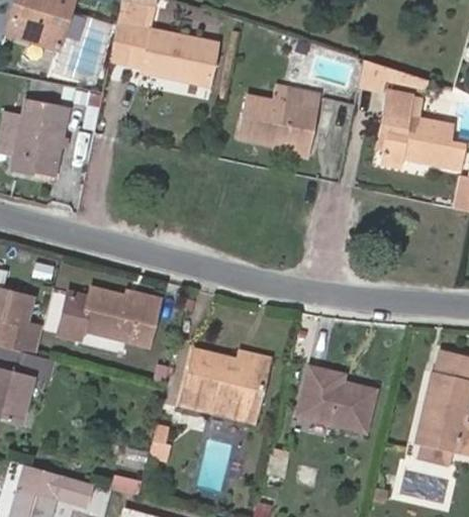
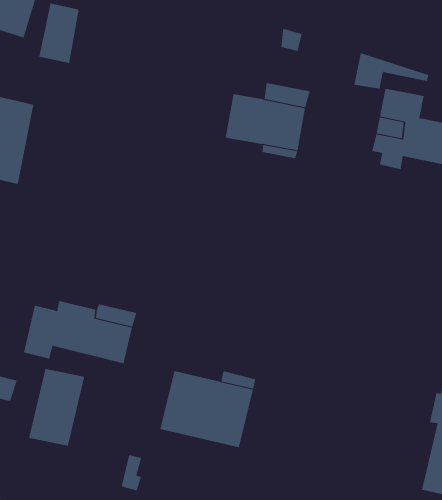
building: [112,24,217,84] -> none
building: none -> [29,368,85,447]
building: [299,367,377,431] -> none

